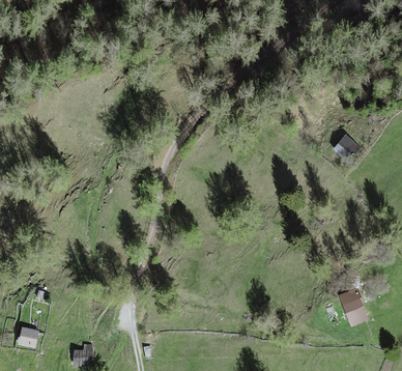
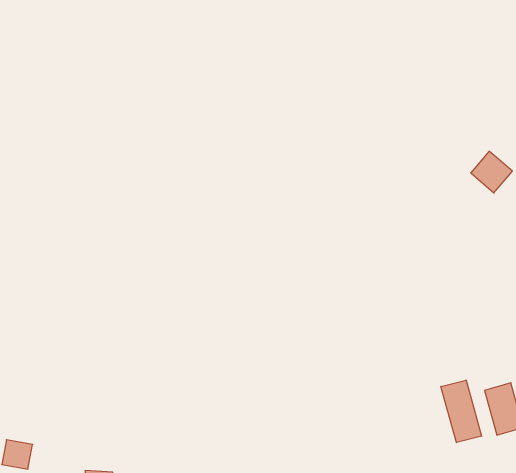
building: none -> [441,380,482,443]

